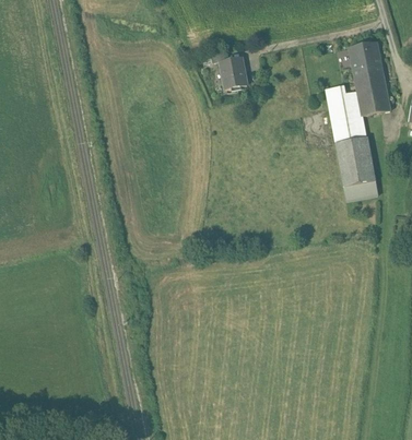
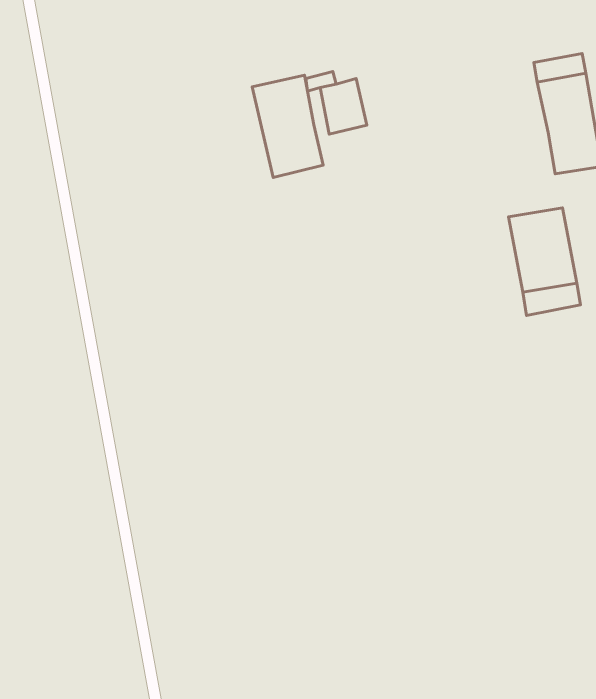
building: none -> [252,75,323,177]
building: [323,83,366,140] -> none

